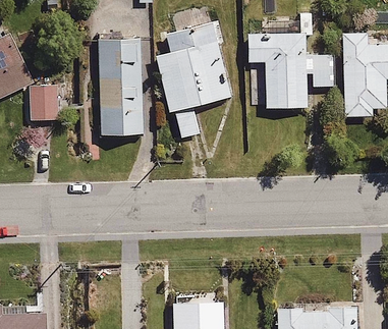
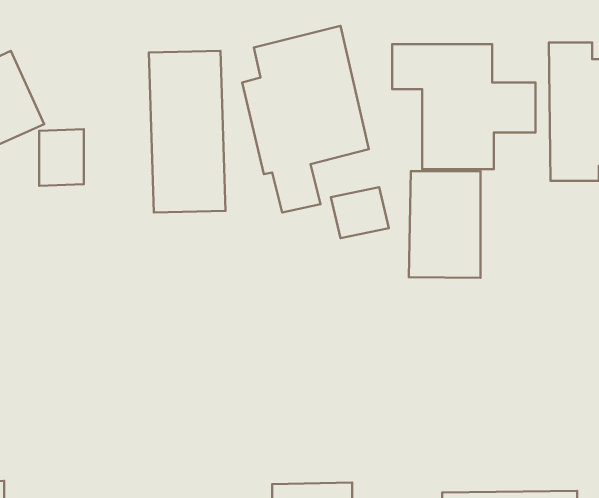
building: none -> [409,171,480,278]
building: none -> [331,187,389,238]

